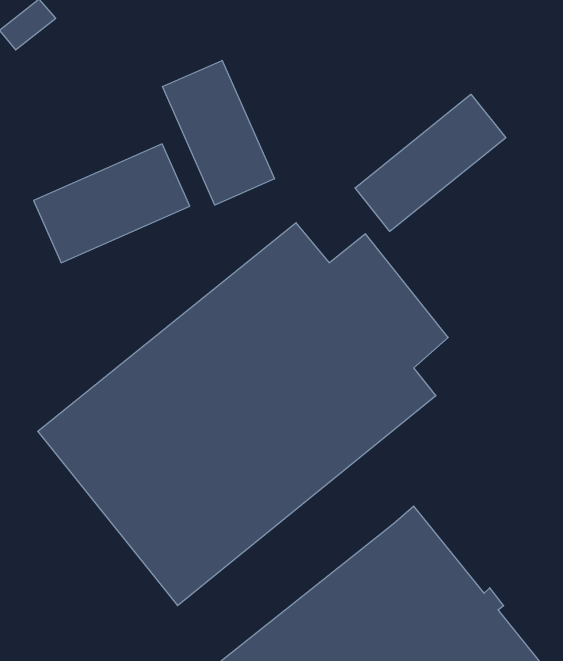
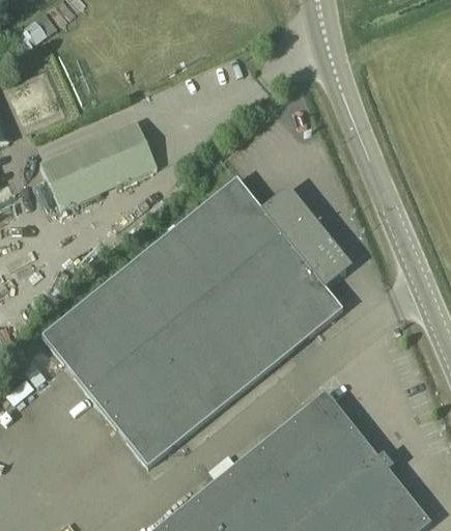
building: [163,60,274,205] -> none
building: [355,94,506,231] -> none

